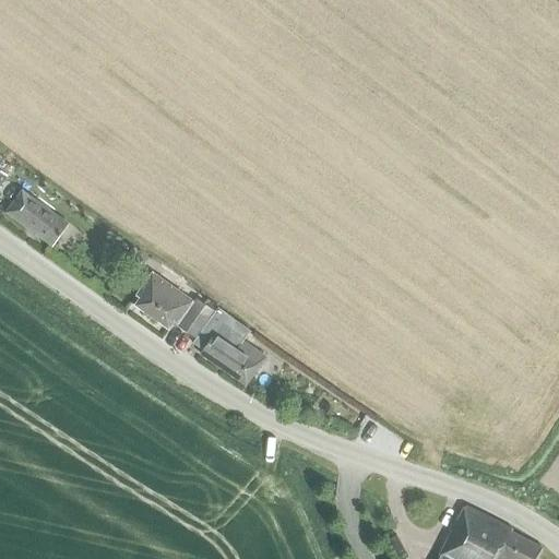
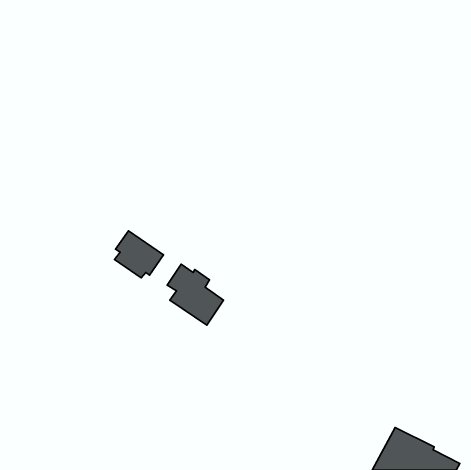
building: [8,192,68,246] -> none
building: [180,300,215,337] -> none

